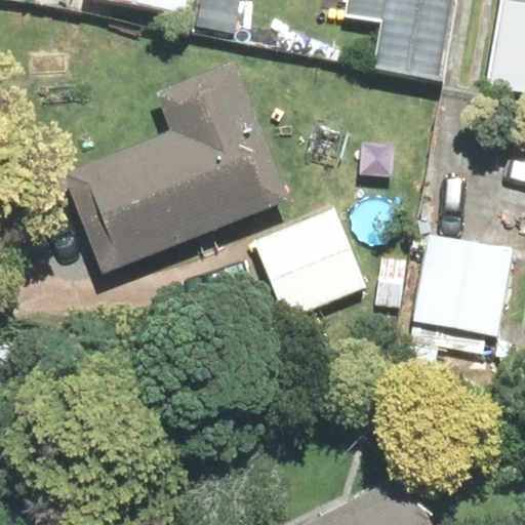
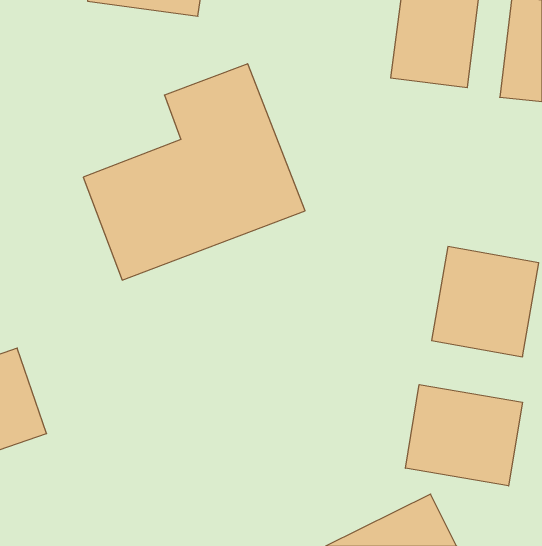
building: [247,200,368,321] -> none
building: none -> [405,385,522,486]

